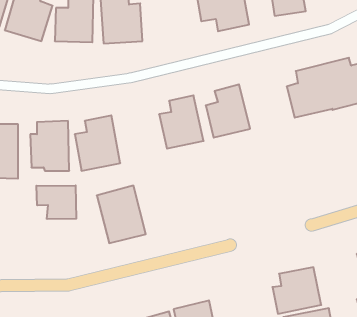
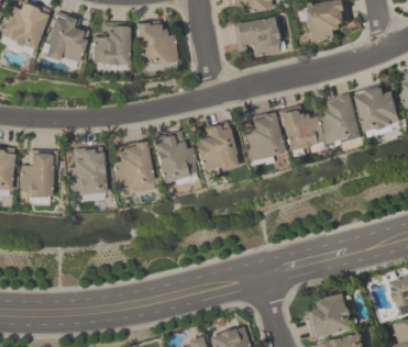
building: none -> [278,107,326,156]
building: [36,185,76,219] -> none
building: [97,186,146,243] -> [151,130,199,187]

